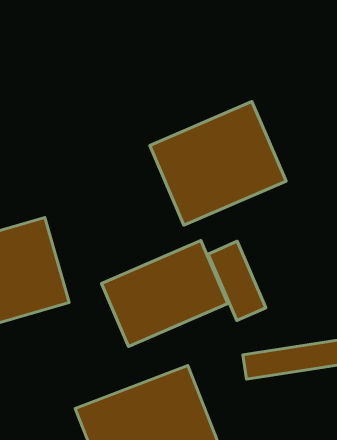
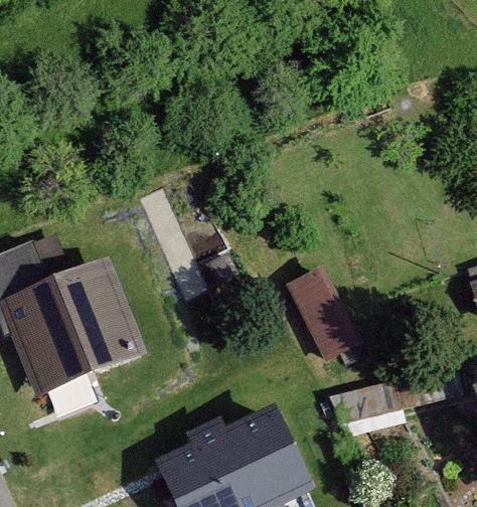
building: [150,101,286,225] -> none
building: [102,241,228,346] -> none

